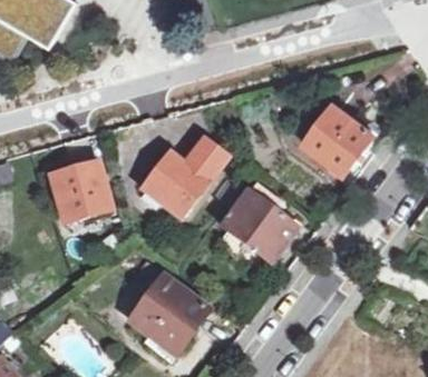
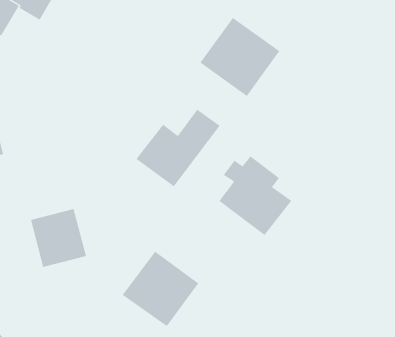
building: [299,106,378,183] -> [200,17,280,97]
building: [50,163,106,221] -> [30,208,87,267]

